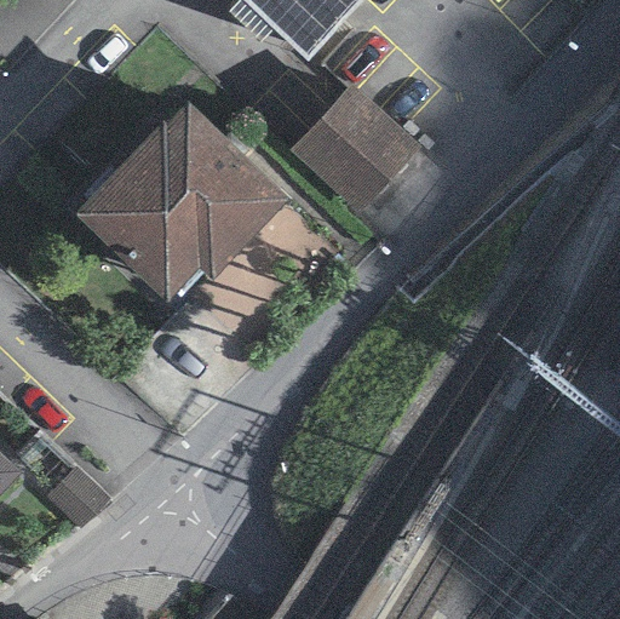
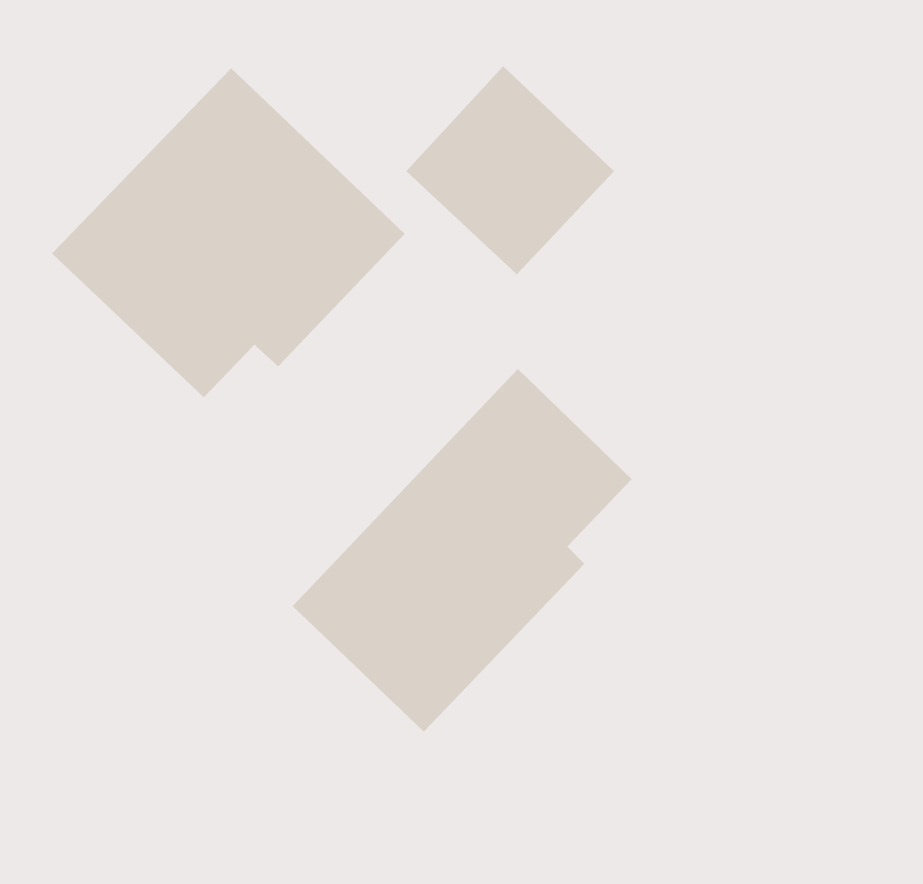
building: none -> [292,368,632,732]

